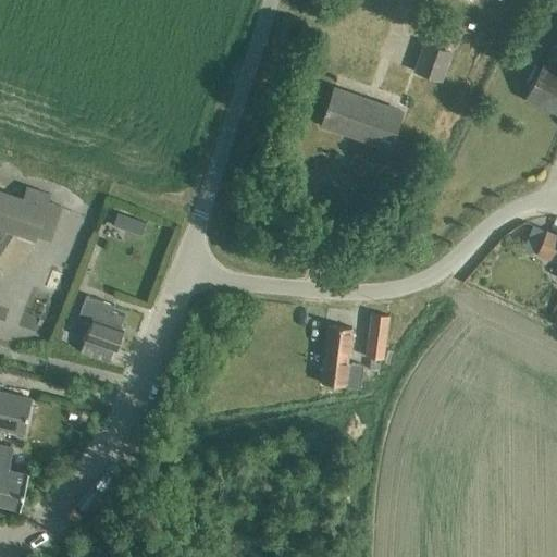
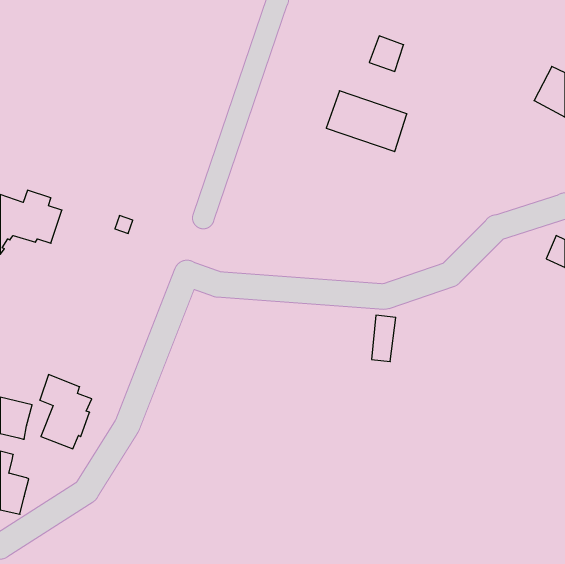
building: [416,46,449,81] -> [369,36,404,71]
building: [75,290,126,363] -> [40,375,92,449]
building: [319,326,362,388] -> none

